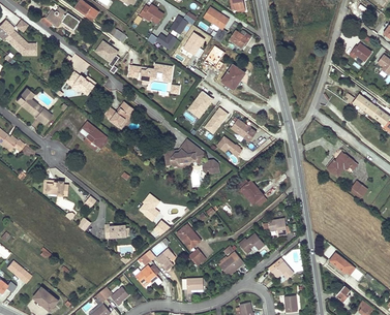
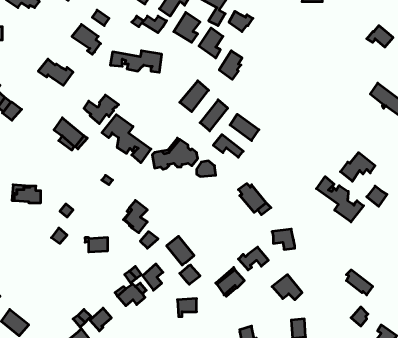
building: none -> [102,115,151,163]
building: none -> [316,177,364,222]

